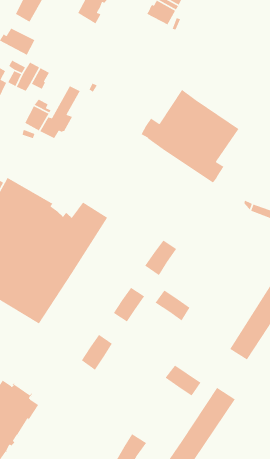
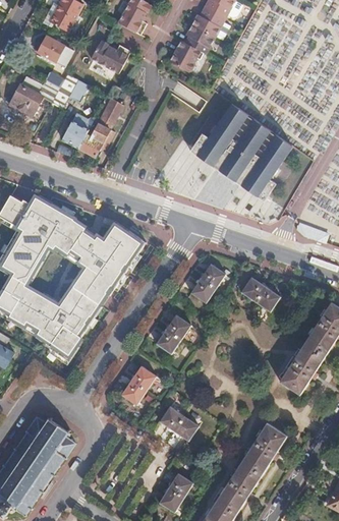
building: none -> [169,21,215,67]
building: none -> [89,39,128,71]
building: [155,289,190,322] -> [240,277,279,311]
building: [165,364,201,397] -> [159,406,199,441]

